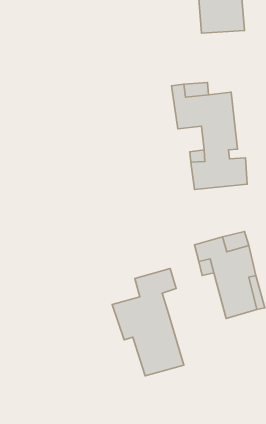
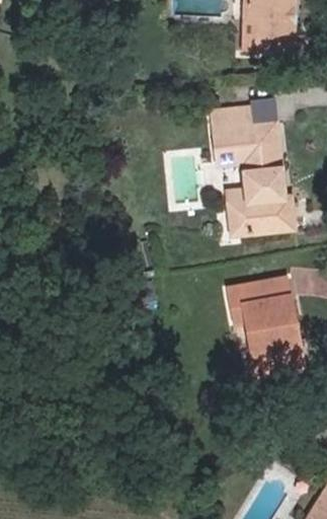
building: [112,269,184,376] -> none

